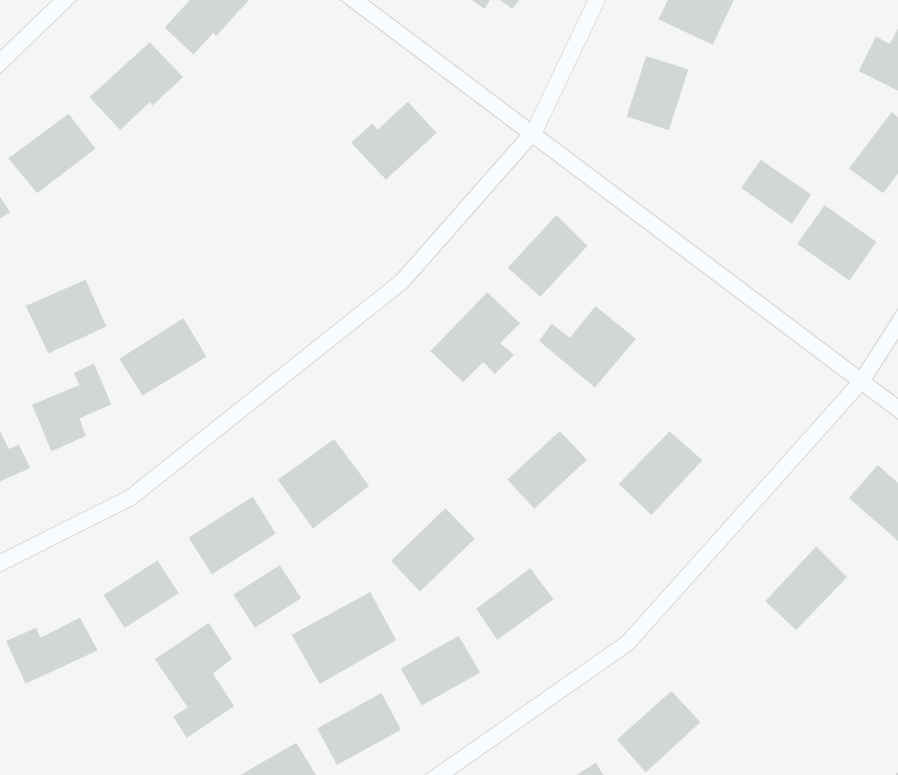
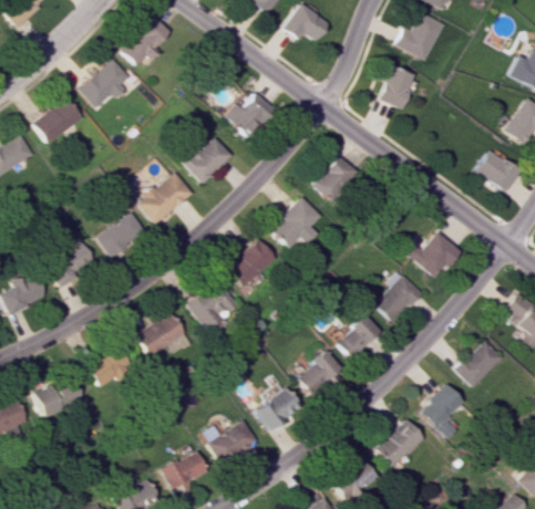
building: [740,159,812,225] -> none
building: none -> [178,136,233,184]
building: none -> [136,173,193,225]
building: [25,279,107,354] -> none
building: [538,305,637,388] -> [405,232,461,279]
building: [506,430,588,509] -> [335,315,380,360]
building: [390,507,475,592] -> [227,239,275,287]
building: [232,564,302,629] -> none
building: [291,591,397,685] -> none
building: [154,622,235,739] -> none
building: none -> [420,385,464,440]

